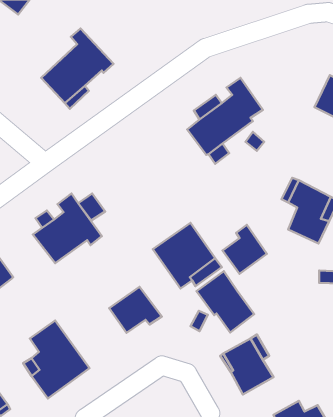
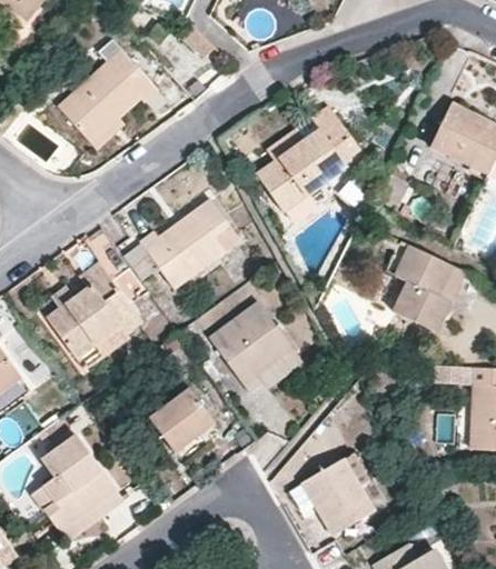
building: none -> [141,200,240,287]
building: [222,225,267,274] -> none
building: [196,271,254,332] -> none

